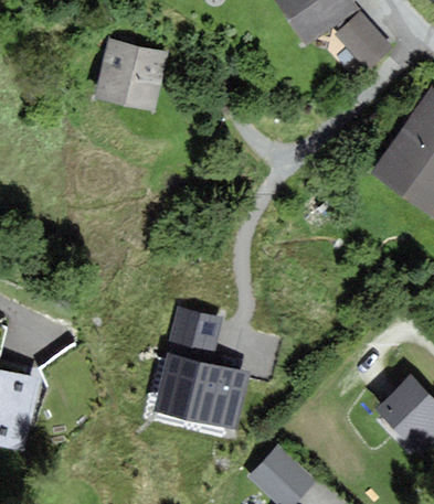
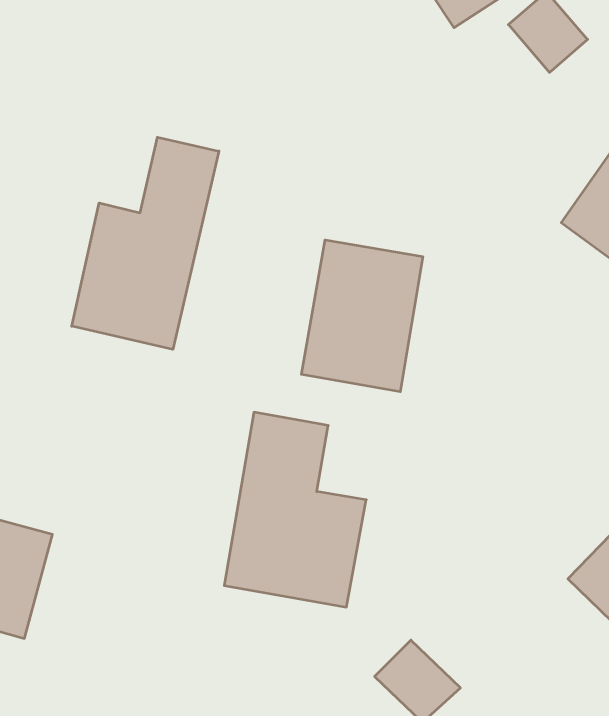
building: [99,44,163,107] -> none
building: none -> [72,137,219,349]
building: none -> [301,240,423,392]

